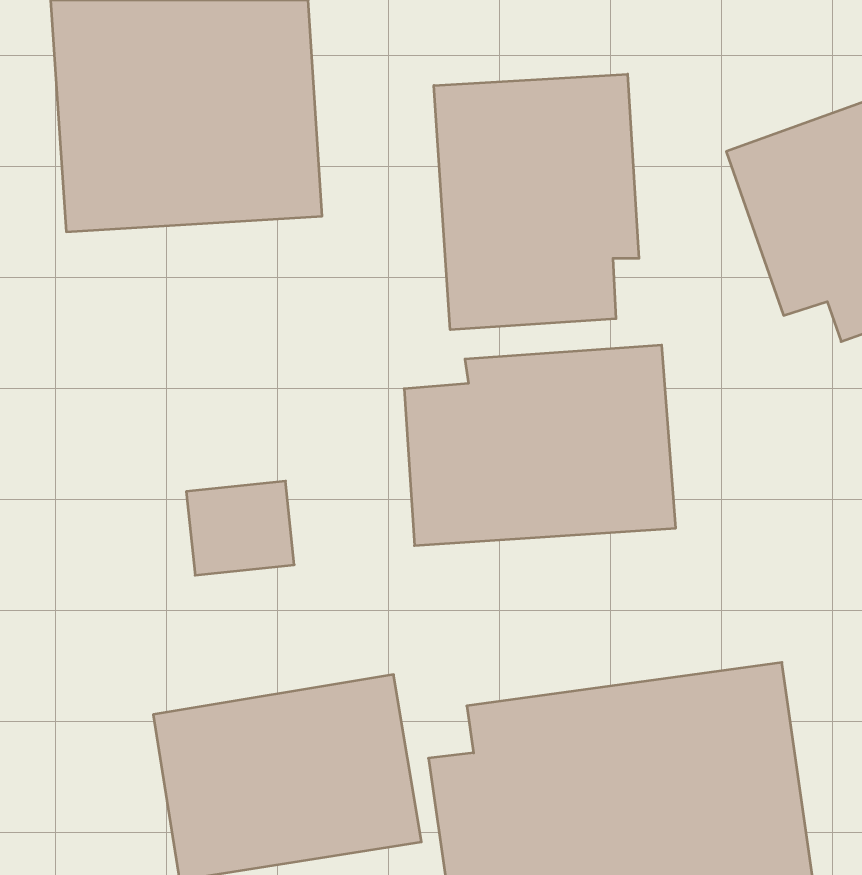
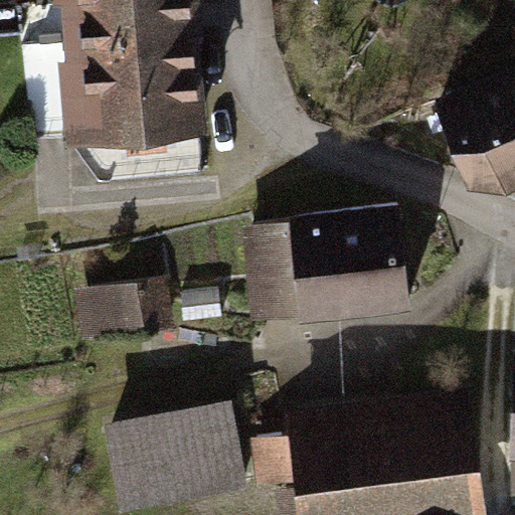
building: [434,74,639,330] -> none

